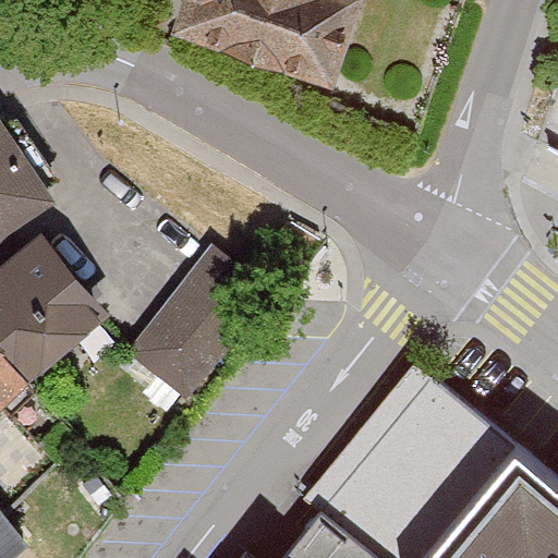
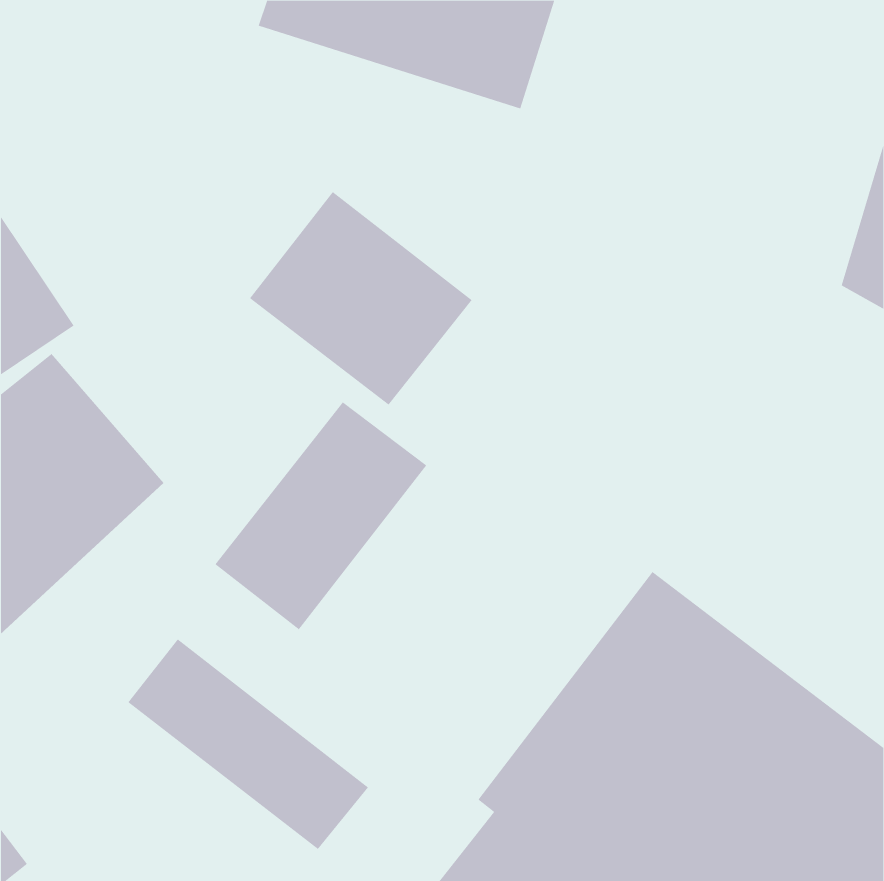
building: none -> [249,191,472,405]
building: none -> [128,638,369,850]

